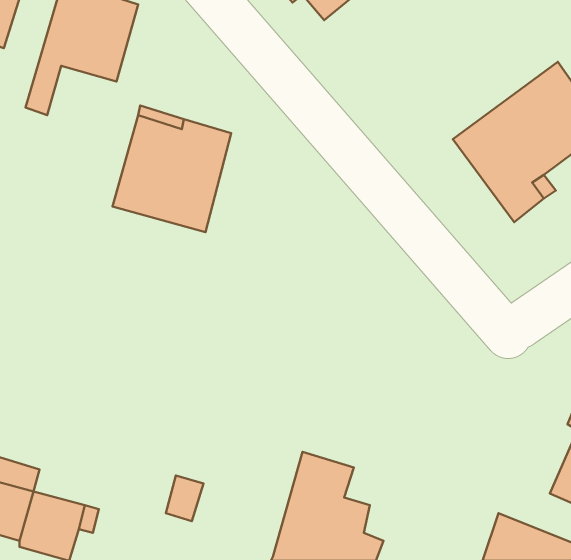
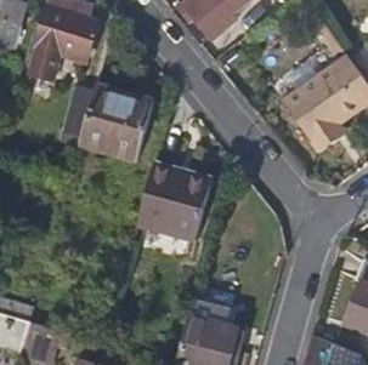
building: none -> [136,165,210,240]

